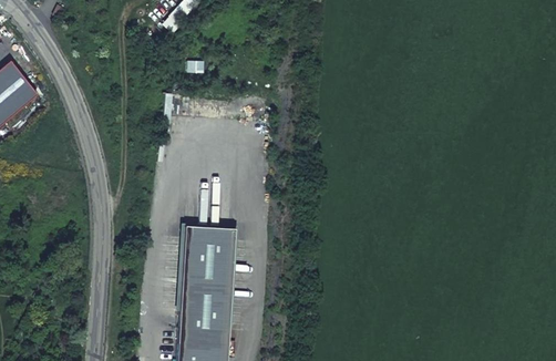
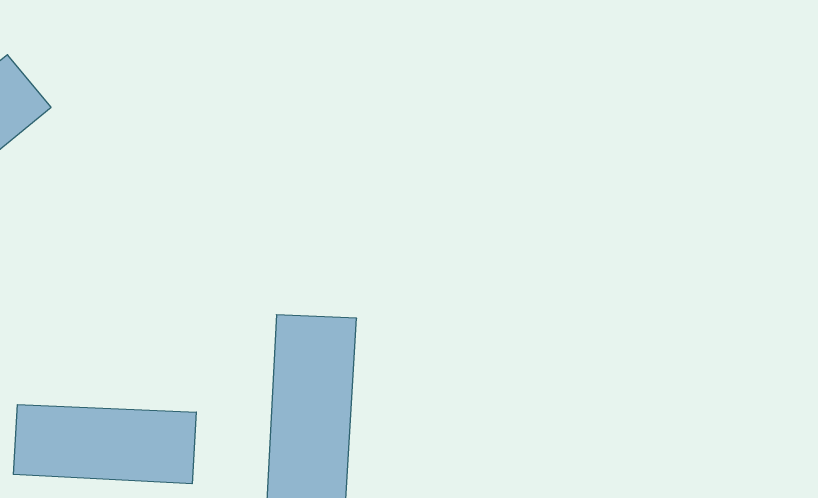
building: none -> [13,405,196,484]

